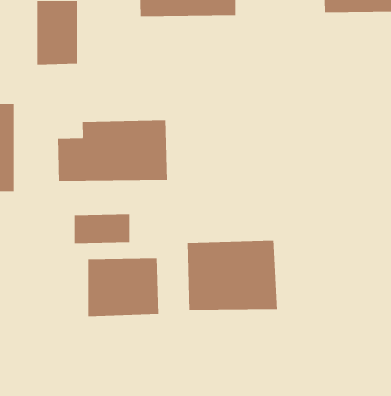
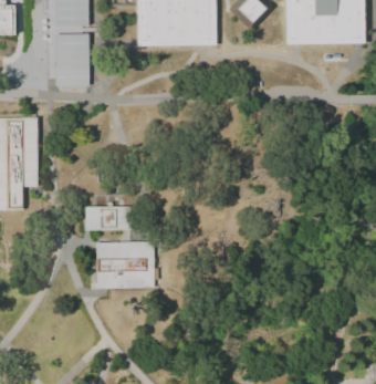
building: [58,119,167,182] -> none
building: [187,240,277,311] -> none

